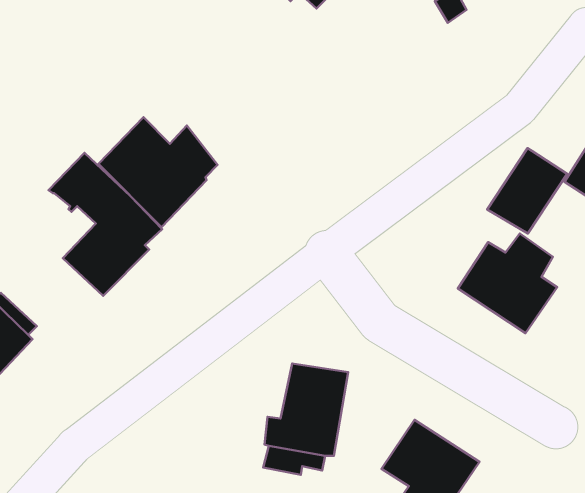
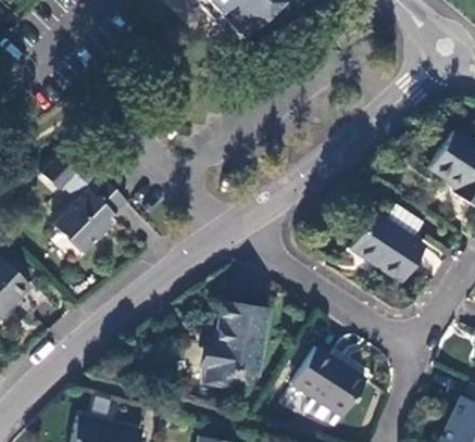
building: [99,117,218,227] -> none
building: [487,148,567,233] -> none

